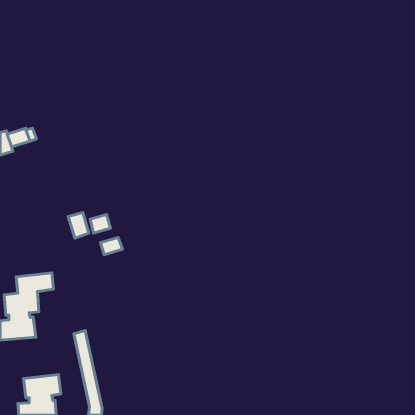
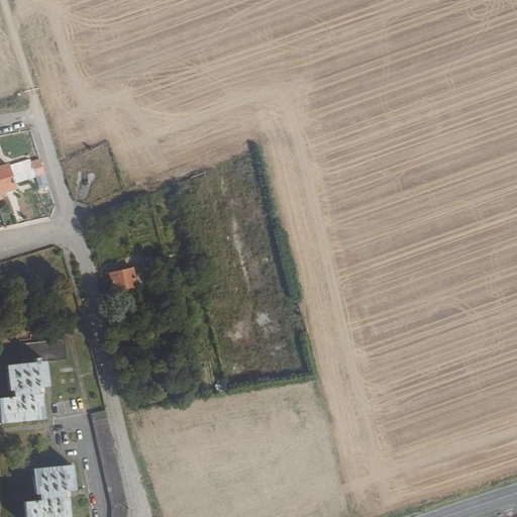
building: [68,212,89,238] -> none
building: [100,237,123,255] -> none

